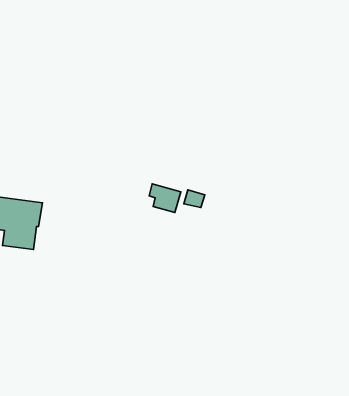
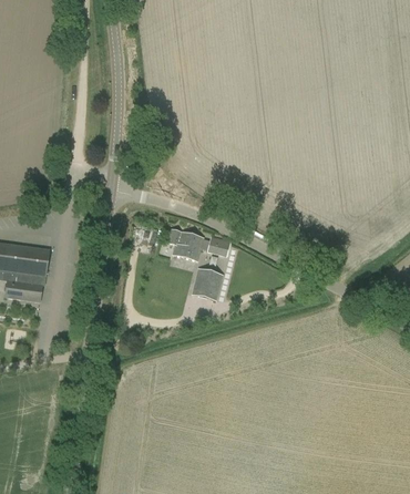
building: none -> [192,267,223,300]

